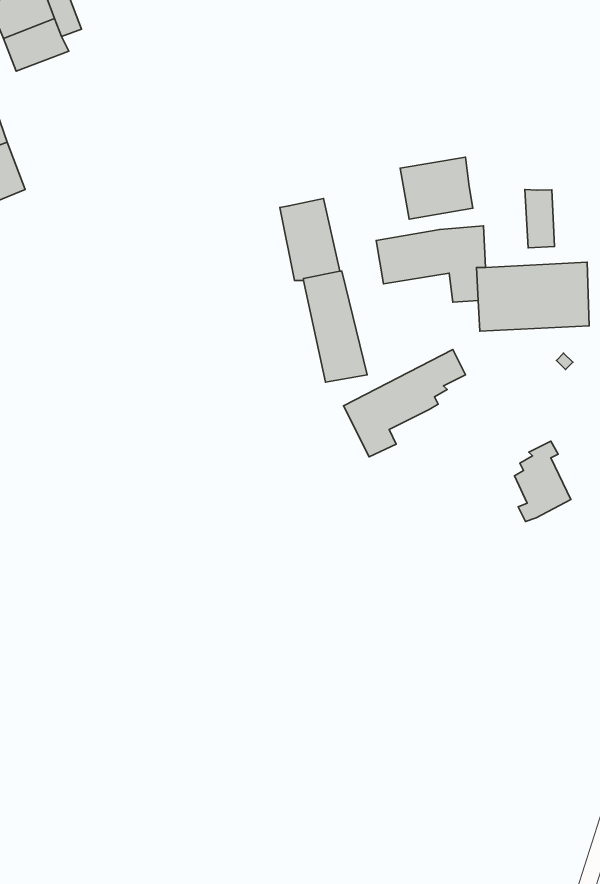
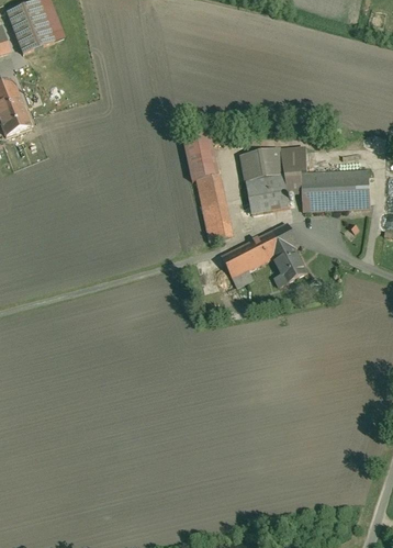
building: [400,157,473,219] -> [245,176,289,213]
building: [525,189,555,248] -> none
building: [514,441,571,521] -> [272,237,306,286]

